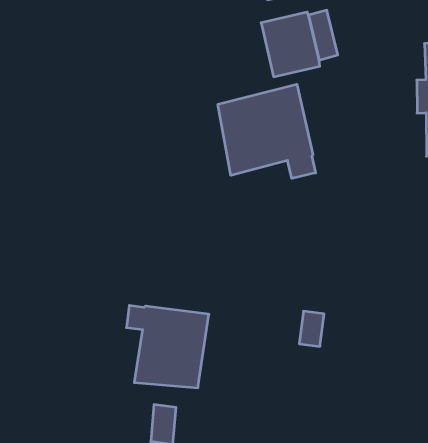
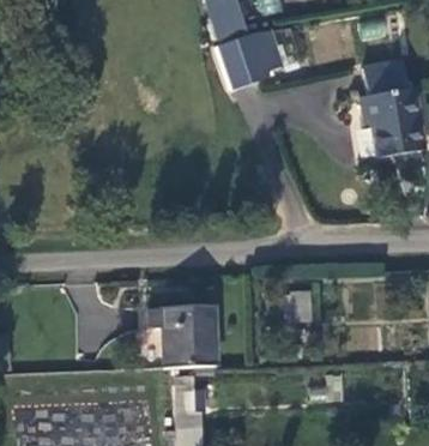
building: [218,84,316,178] -> none

